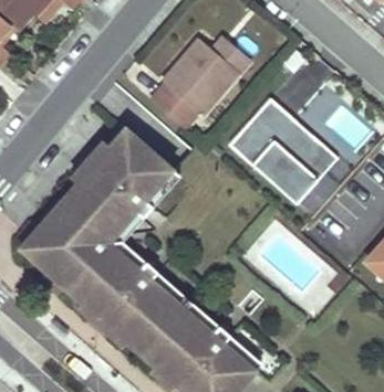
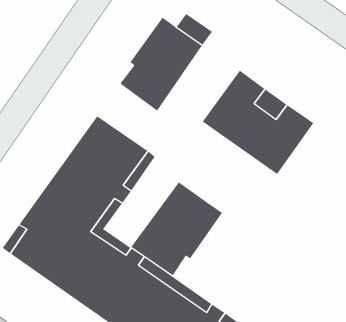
building: none -> [131,181,223,276]

